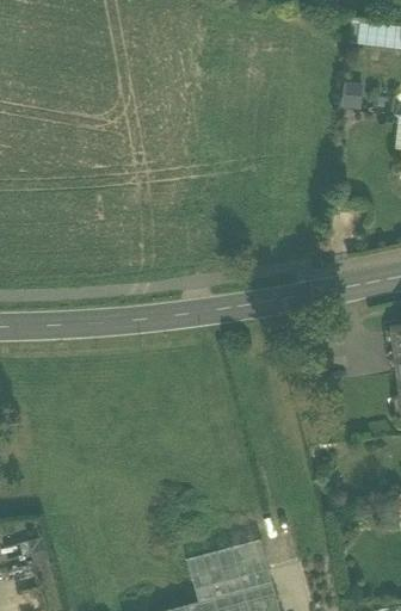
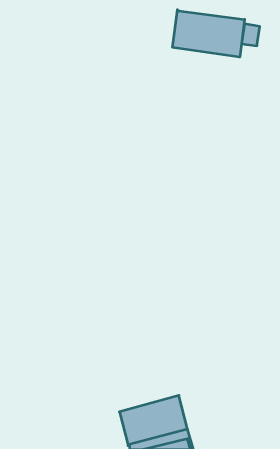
building: none -> [173,10,245,57]

